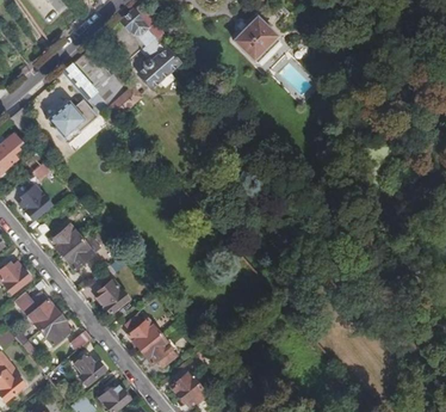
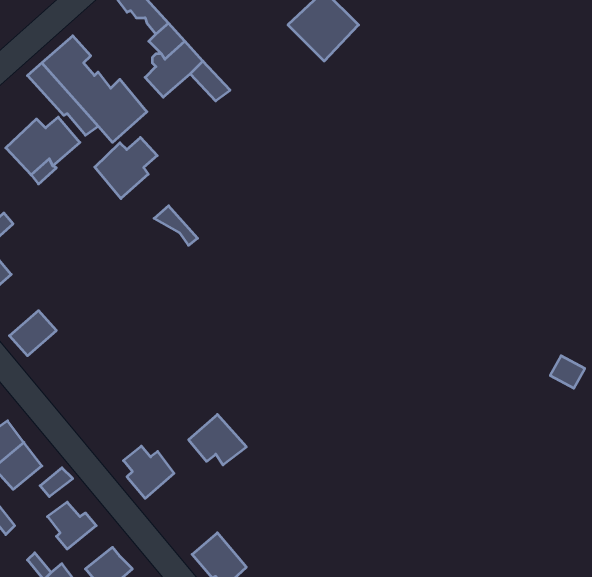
building: none -> [95,137,157,199]
building: [62,233,100,270] -> none
building: [97,278,129,314] -> none
building: [140,333,178,367] -> [189,414,246,465]

